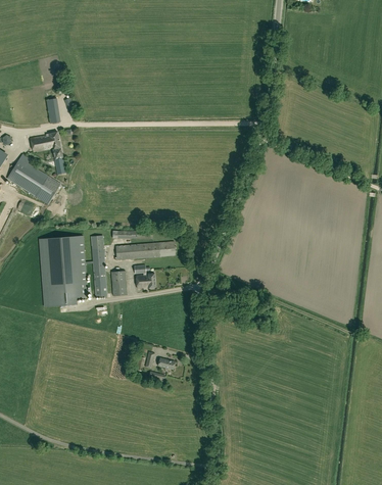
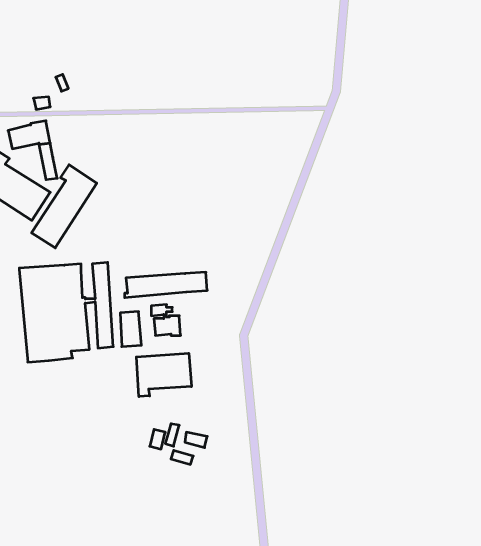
building: none -> [32,165,97,248]
building: none -> [136,353,191,397]

